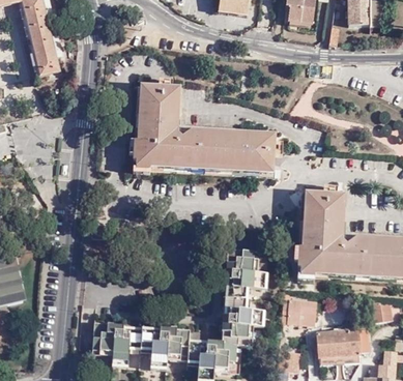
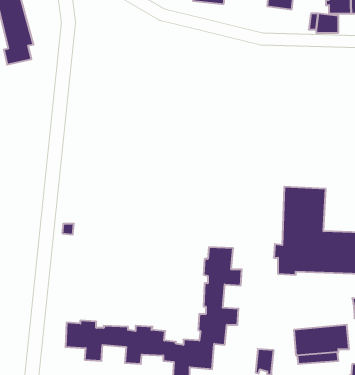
building: [131,85,277,173] -> none
building: [283,300,319,326] -> none

